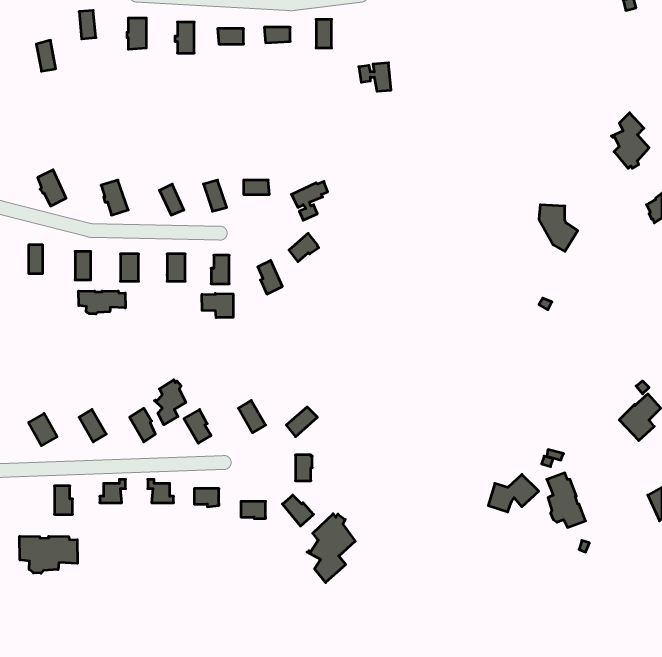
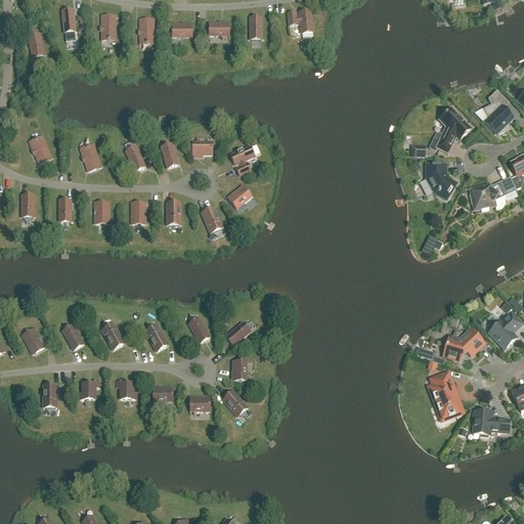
building: [359,63,391,91] -> [288,9,313,32]
building: none -> [430,106,472,152]
building: none -> [470,176,517,209]
building: [79,291,125,314] -> none
building: [202,293,233,318] -> none
building: [154,380,186,425] -> none
building: [488,474,539,512] -> [444,329,484,358]
building: [307,514,355,583] -> none
building: none -> [473,409,511,436]
building: [20,536,77,573] -> none

